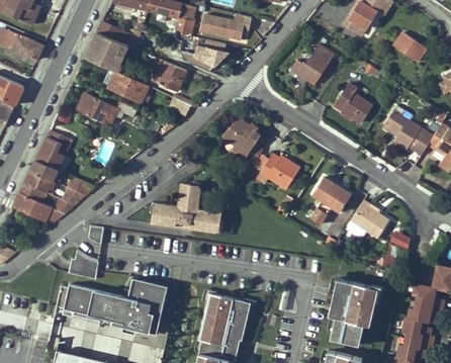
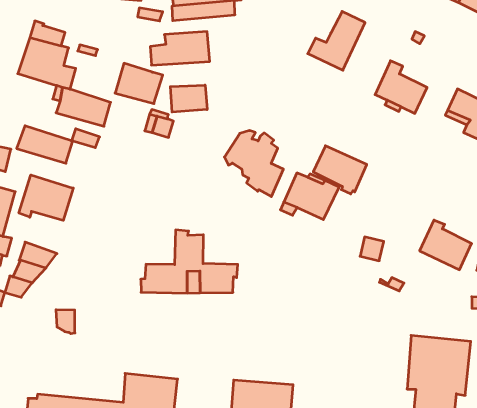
building: none -> [170,85,207,112]
building: none -> [19,175,73,220]
building: [312,177,351,213] -> [313,146,367,194]
building: [68,252,97,279] -> none

